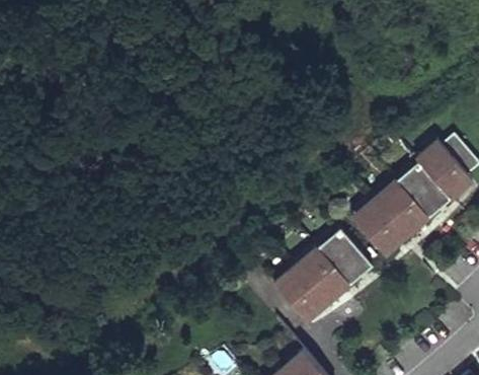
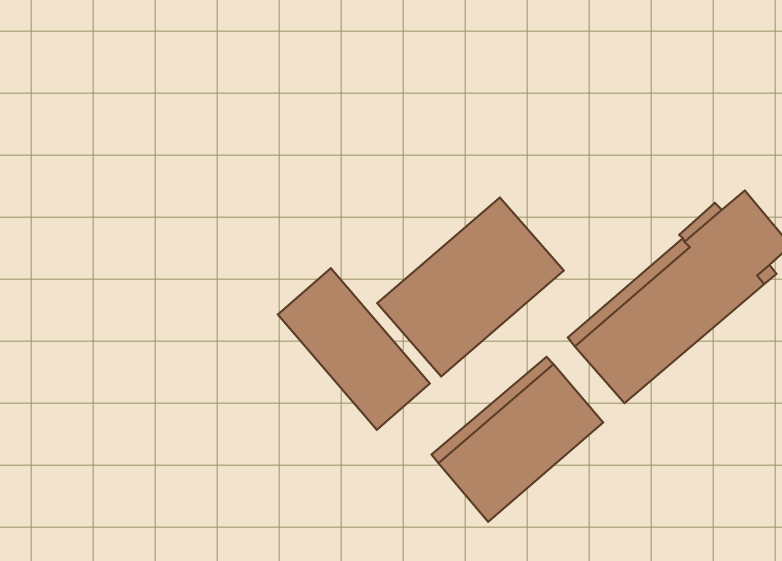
building: none -> [377,197,564,376]
building: none -> [278,268,430,430]

